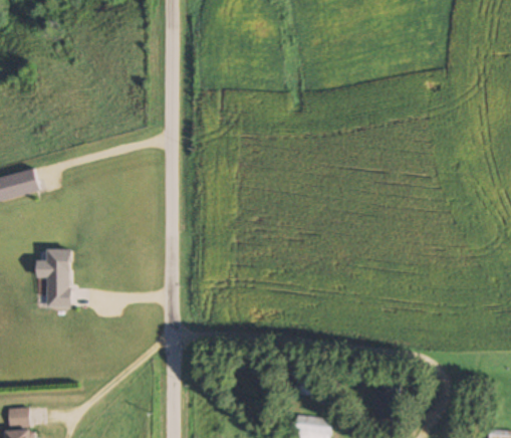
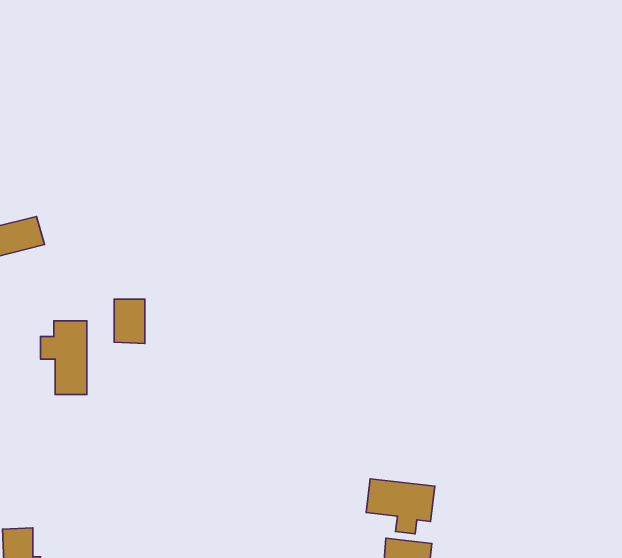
building: none -> [114,299,145,343]
building: none -> [366,479,435,534]

